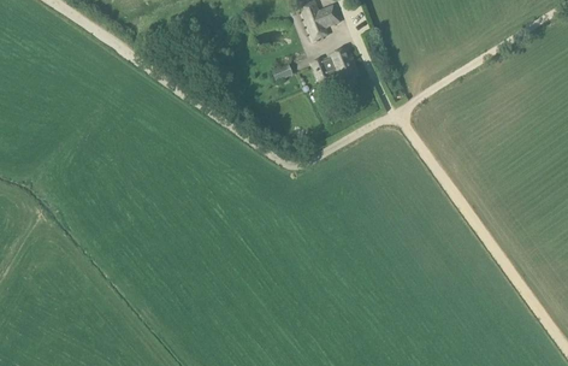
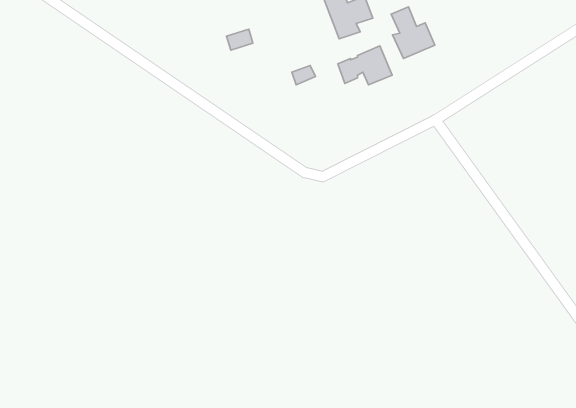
building: none -> [391,7,435,59]

